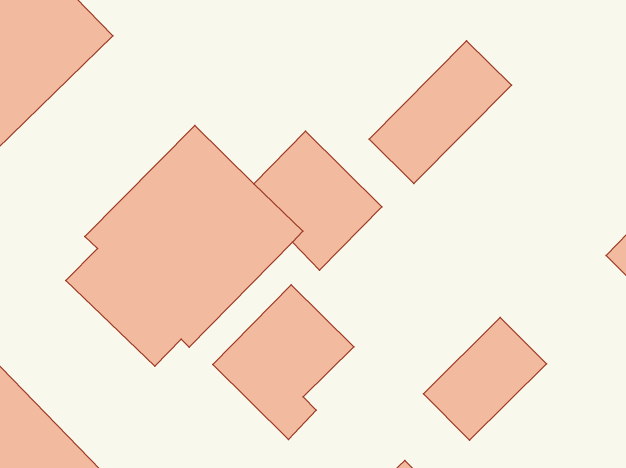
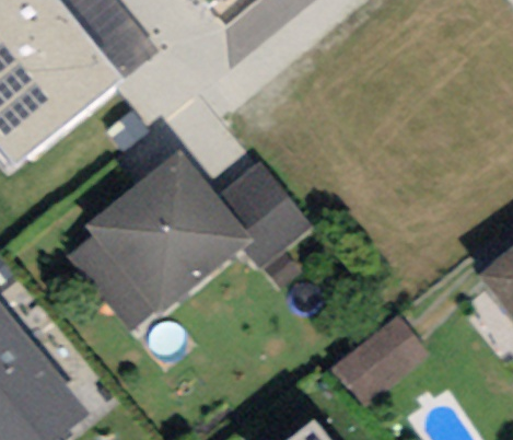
building: [369,41,511,184] -> none
building: [213,285,354,440] -> none

